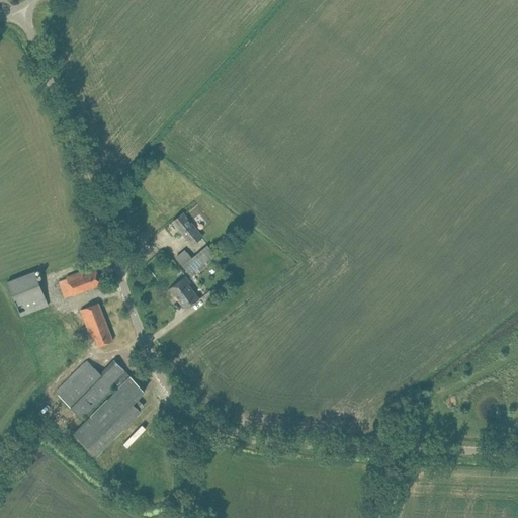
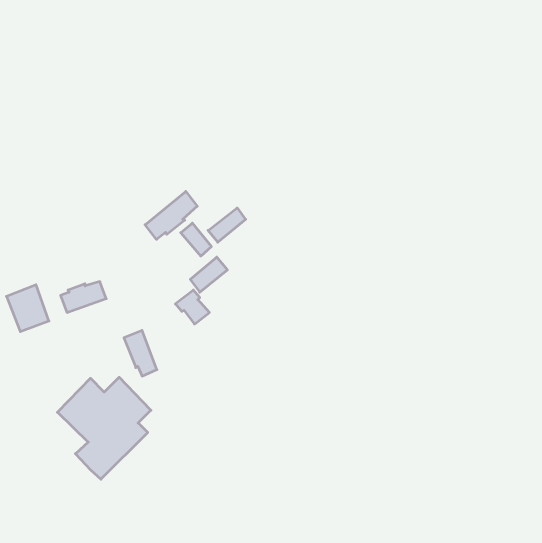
building: none -> [145,191,197,239]
building: none -> [208,208,246,242]
building: [80,303,111,346] -> [124,330,157,376]

